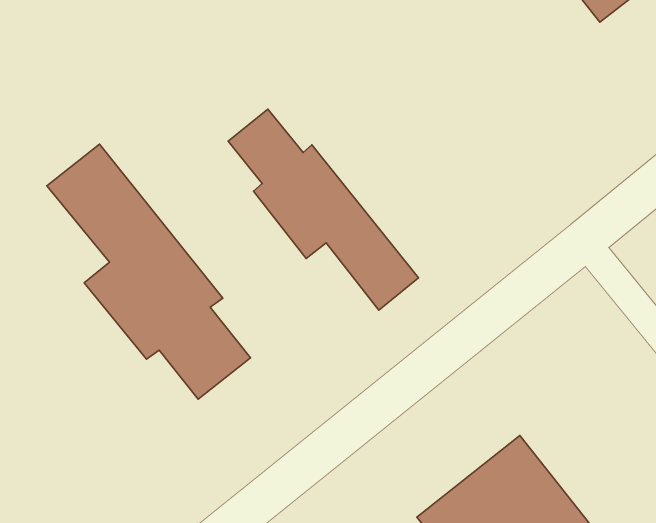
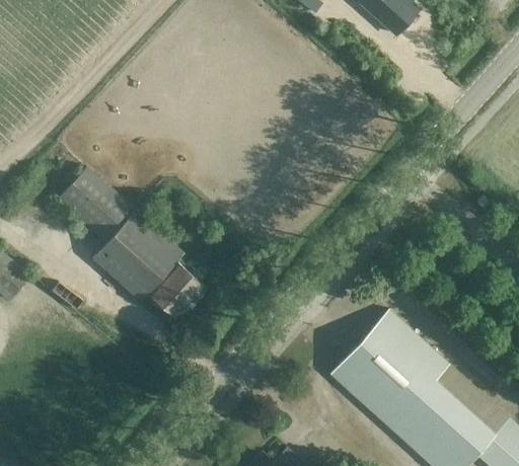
building: [228,109,418,310] -> none

